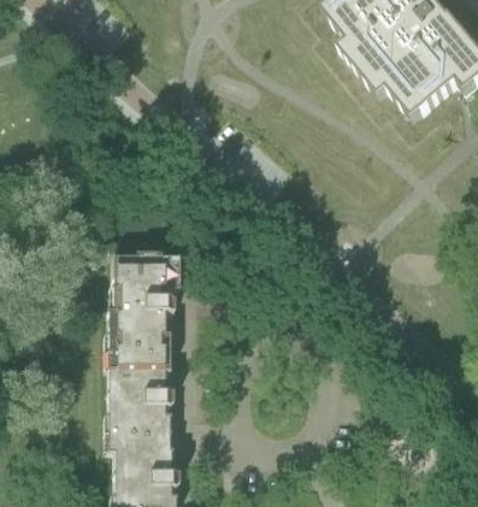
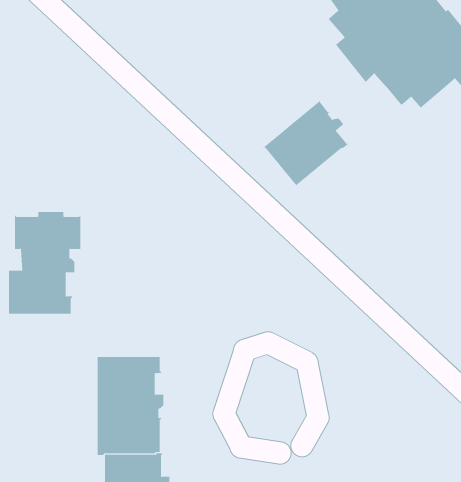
building: none -> [263,100,349,186]
building: [105,254,177,355] -> [8,212,81,314]

